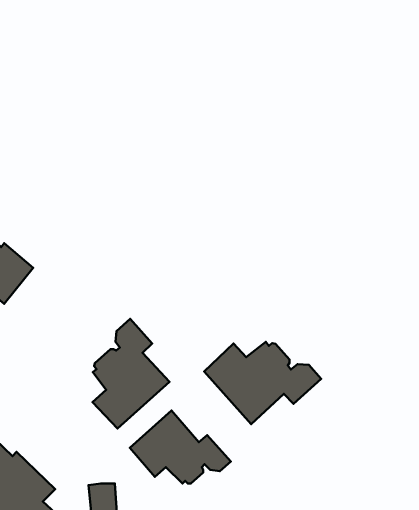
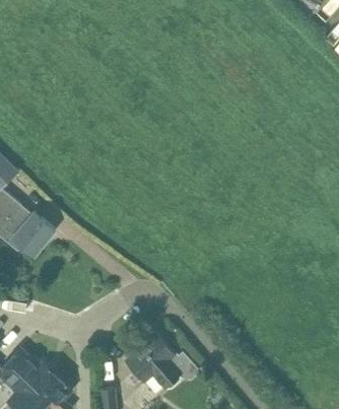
building: [93,319,169,428] -> none
building: [204,342,321,424] -> none

